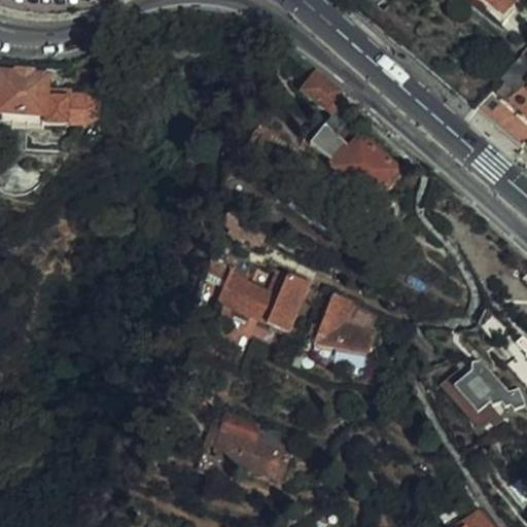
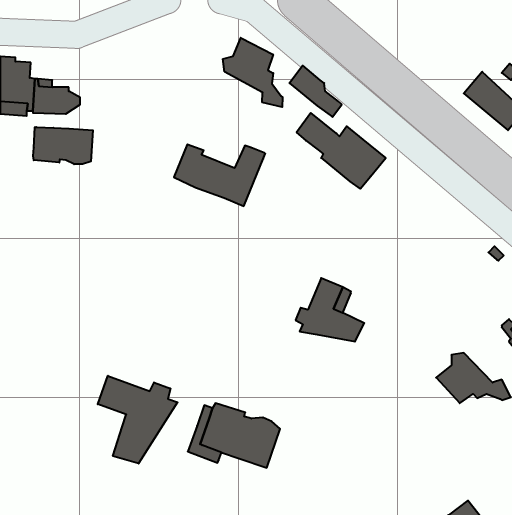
building: none -> [223,38,283,107]
building: none -> [33,127,93,164]
building: [217,269,309,330] -> [174,144,265,206]
building: none -> [98,376,178,464]

